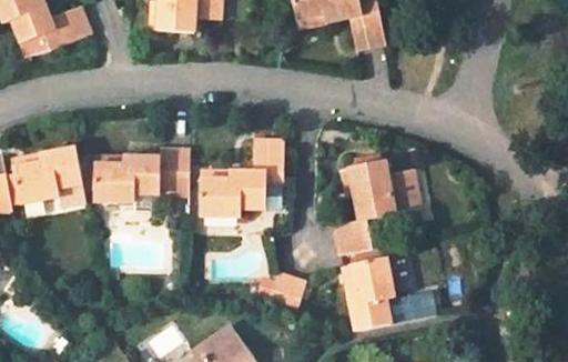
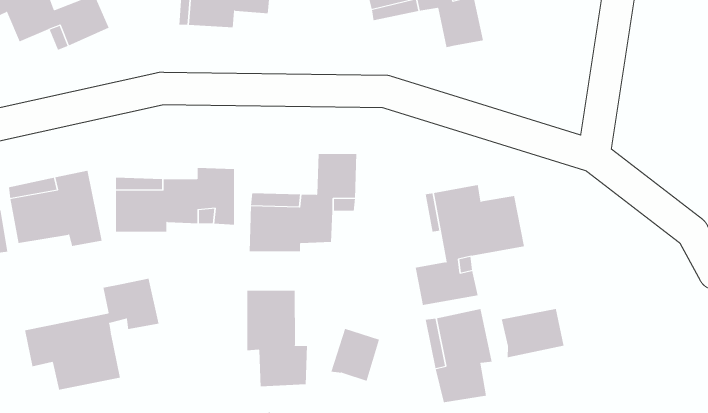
building: none -> [25,278,159,390]
building: none -> [247,290,308,387]
building: none -> [501,308,564,358]

